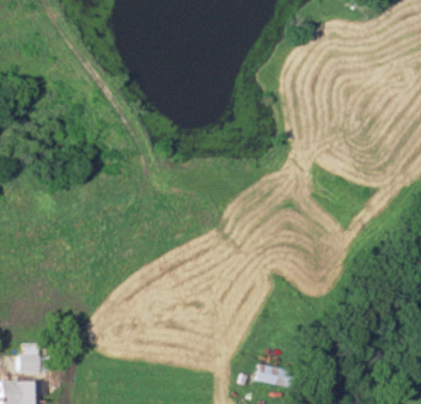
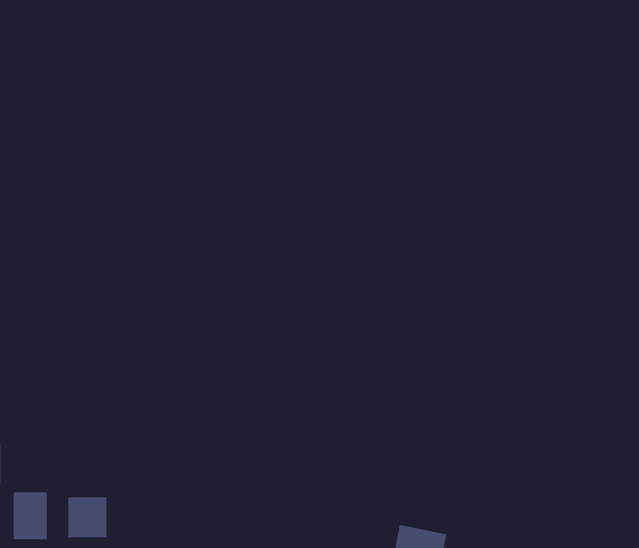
building: none -> [68,497,107,538]

